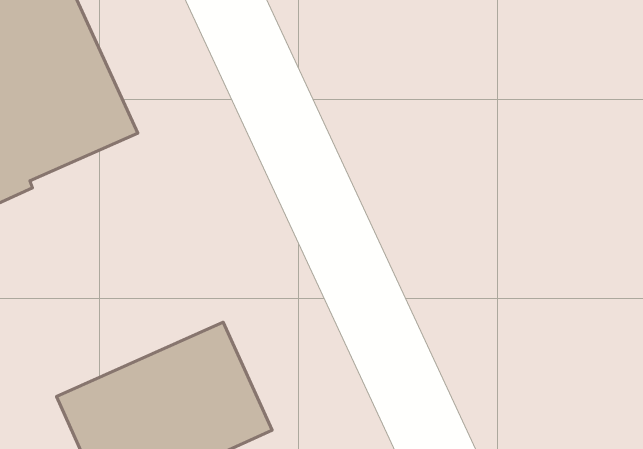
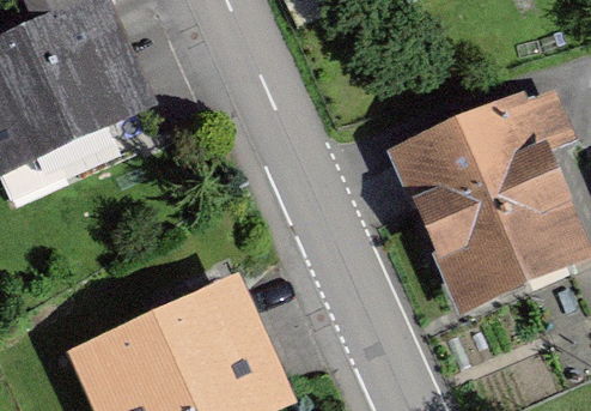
building: none -> [410,103,578,280]

